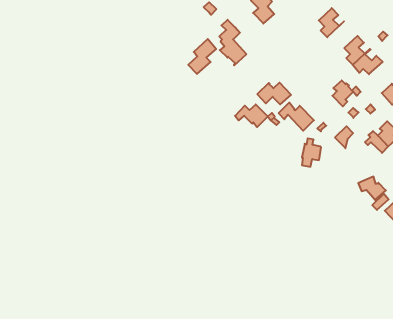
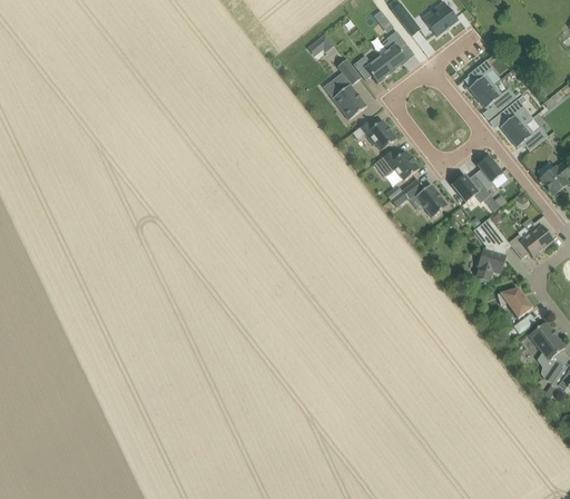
building: none -> [352,55,393,81]
building: none -> [475,78,514,112]
building: [188,39,216,74] -> none
building: none -> [451,174,490,203]
building: [235,104,268,127] -> [352,120,395,150]
building: [302,138,321,167] -> [476,243,504,281]

